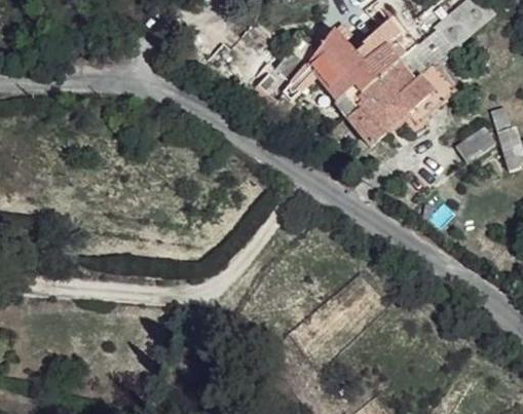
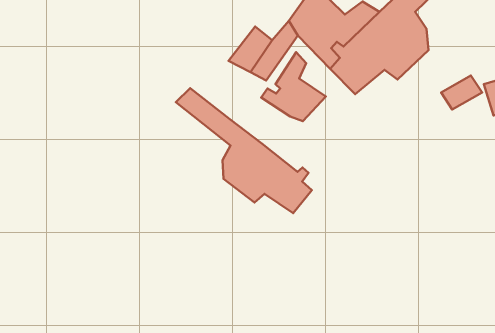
building: none -> [261,52,326,121]
building: none -> [176,88,312,213]

